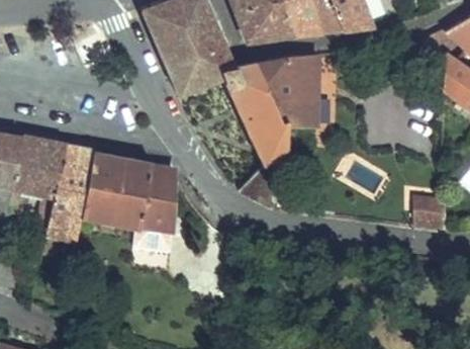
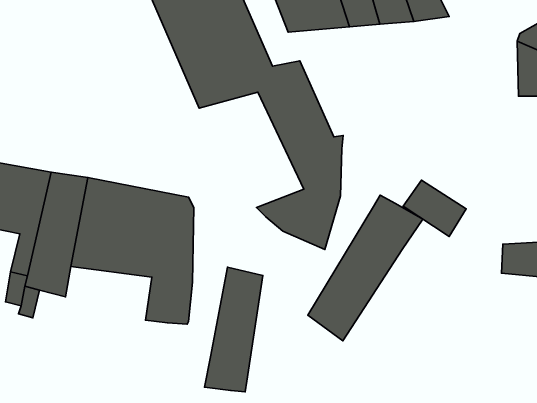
building: [257,53,318,128] -> none
building: none -> [308,195,423,341]
building: none -> [204,267,263,392]

